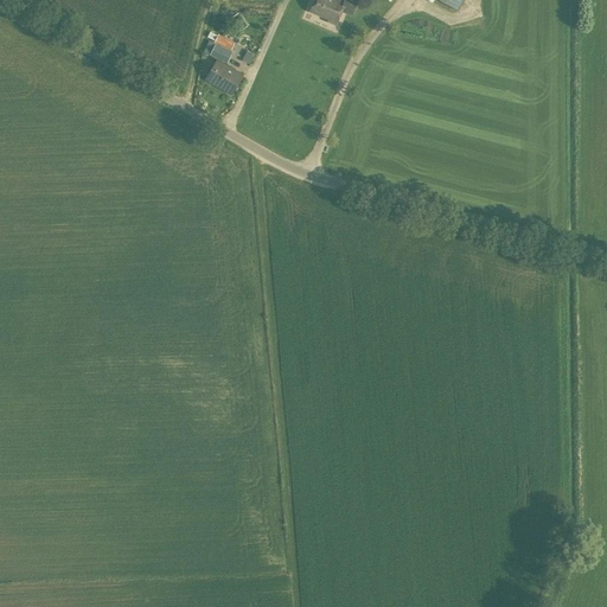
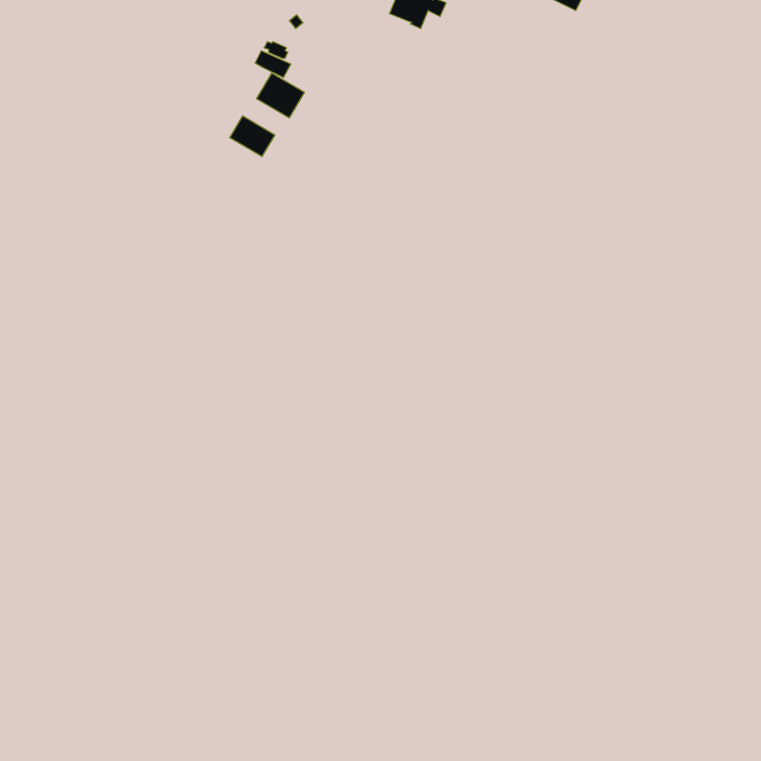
building: none -> [230,116,275,157]

